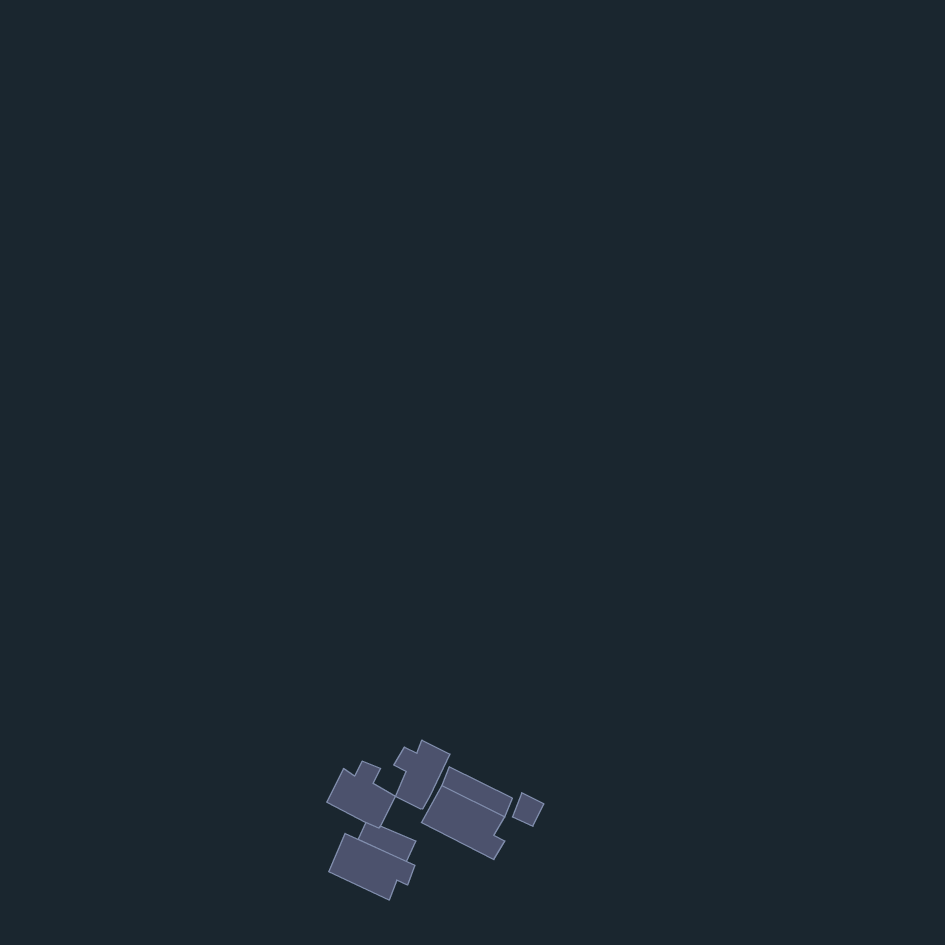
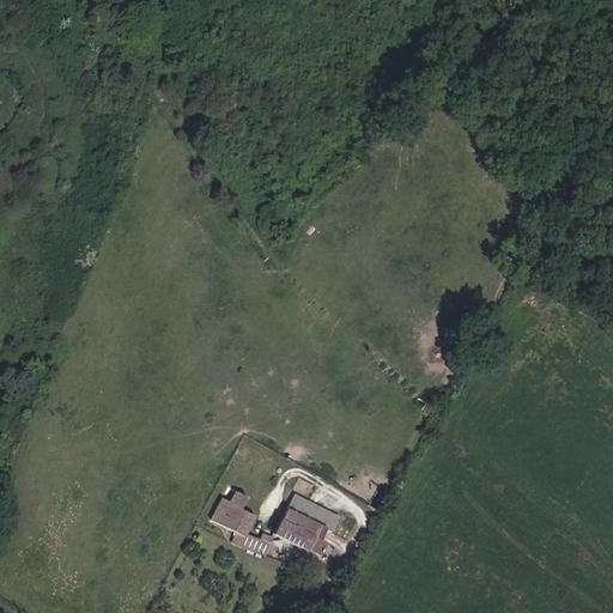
building: [394,740,450,809] -> none
building: [329,833,415,900] -> none

